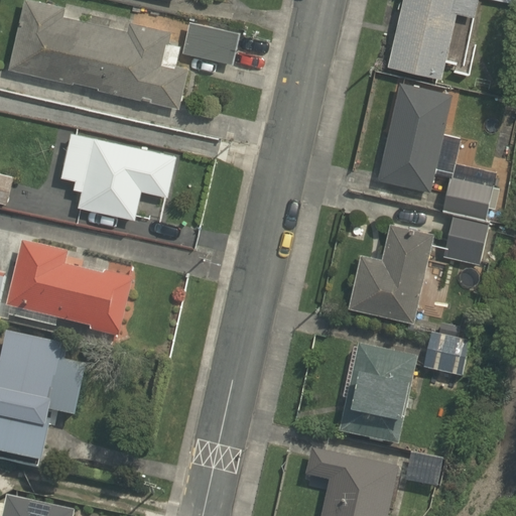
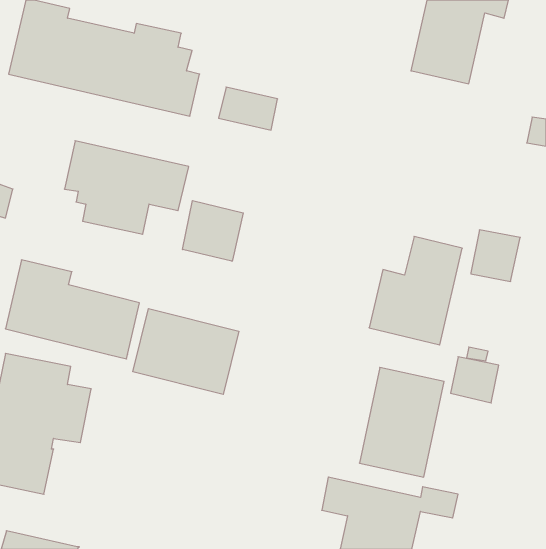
building: [182,23,238,63] -> [219,87,278,130]
building: [377,79,453,192] -> none
building: [441,164,499,223] -> none
building: none -> [183,201,243,261]
building: none -> [133,309,239,394]

